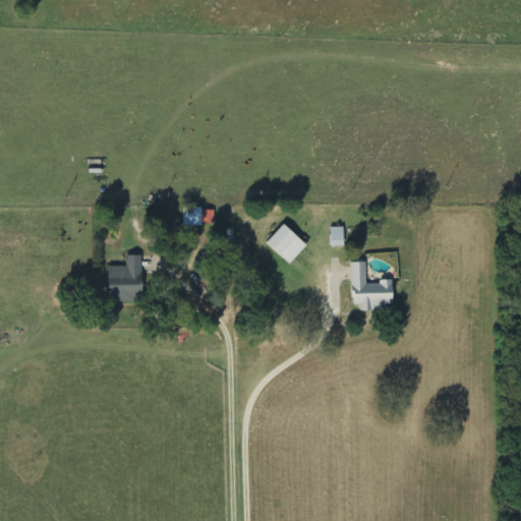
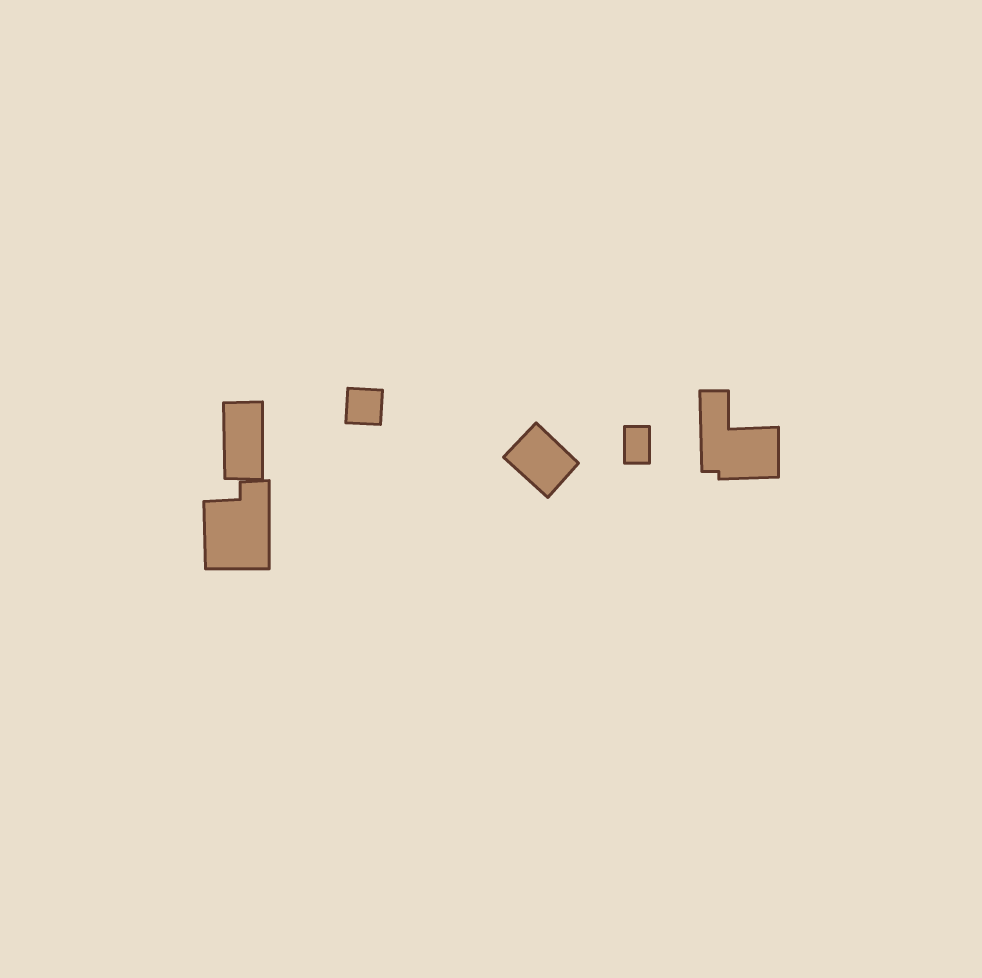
building: none -> [224,402,263,479]
building: [351,262,393,308] -> [700,391,779,479]

